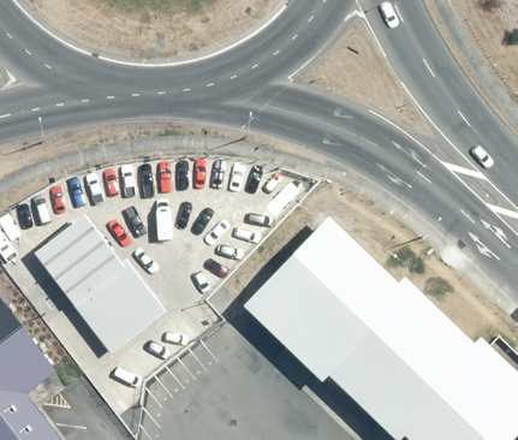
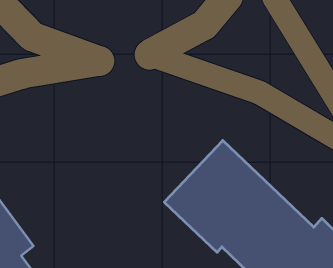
building: [32,216,162,357] -> none

